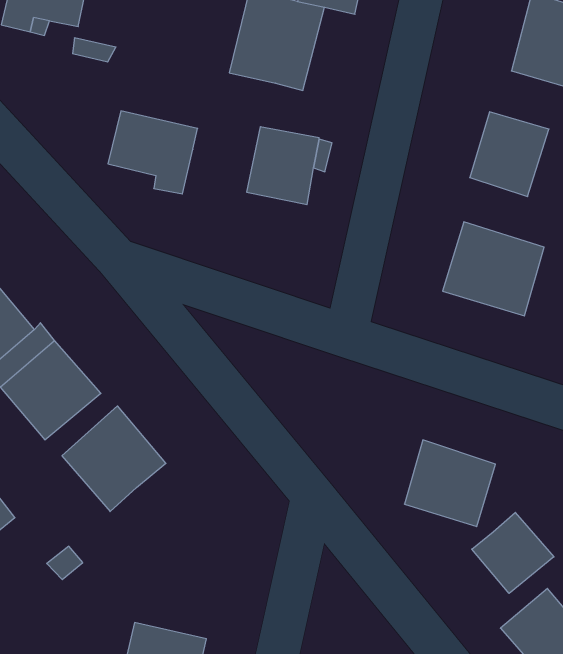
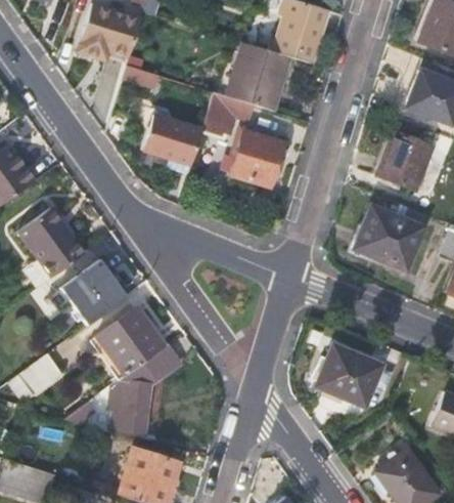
building: none -> [197,92,255,151]
building: none -> [143,341,185,380]
building: [472,512,554,593] -> none
building: none -> [109,379,152,433]

